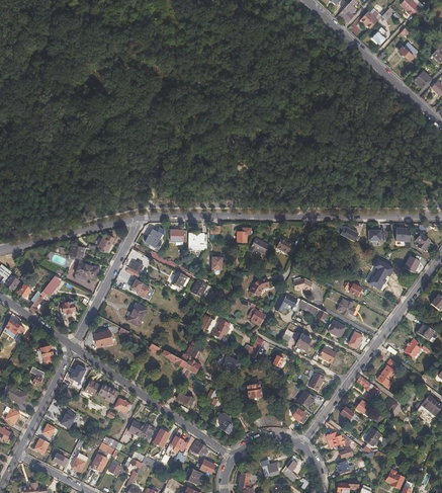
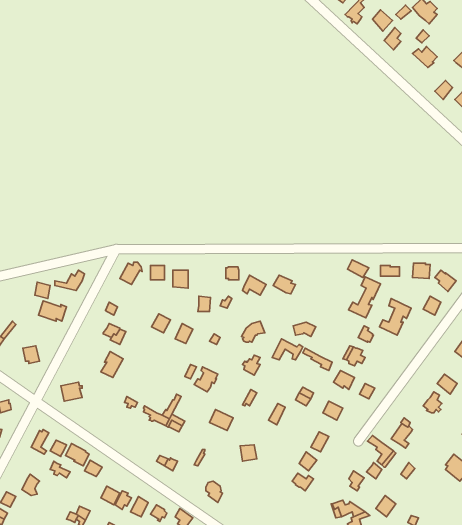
building: none -> [348,277,380,318]

